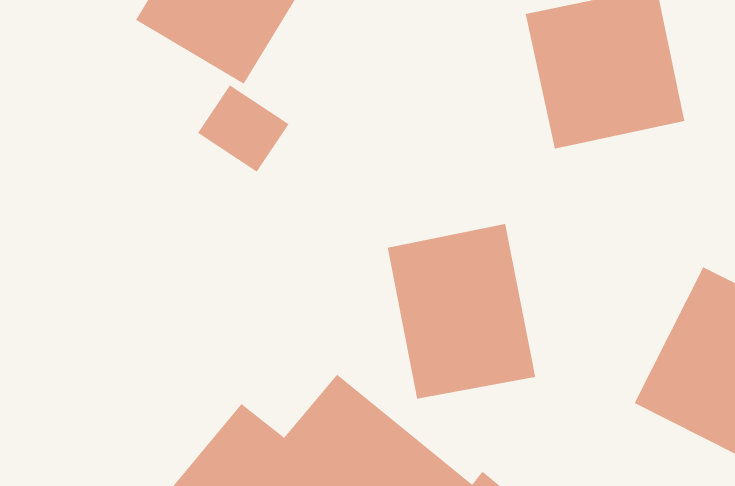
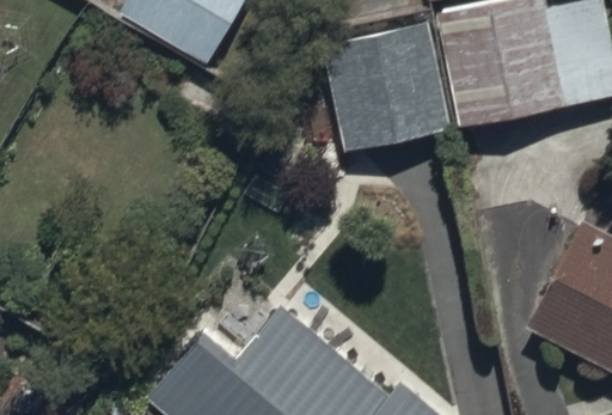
building: none -> [322,20,447,151]
building: [387,223,536,400] -> none

